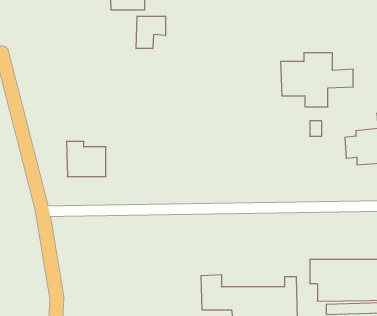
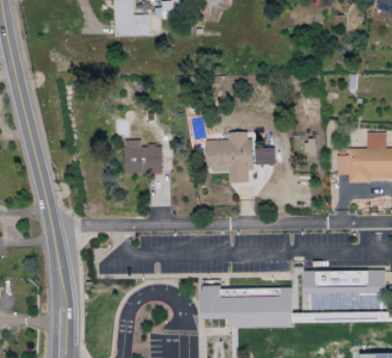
building: [136,16,166,49] -> none
building: [281,53,353,107] -> [205,132,274,183]
building: [66,141,106,177] -> [123,140,161,173]

